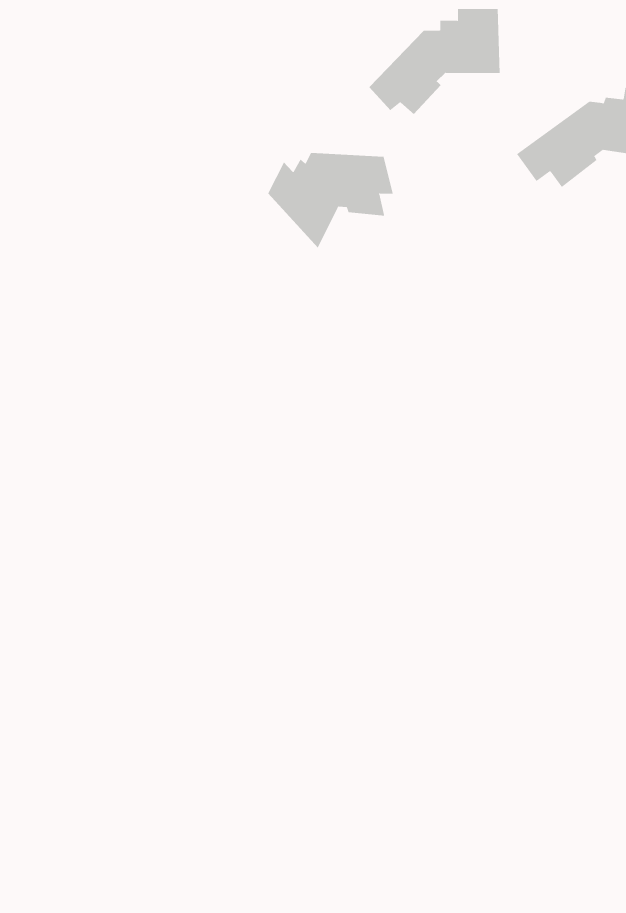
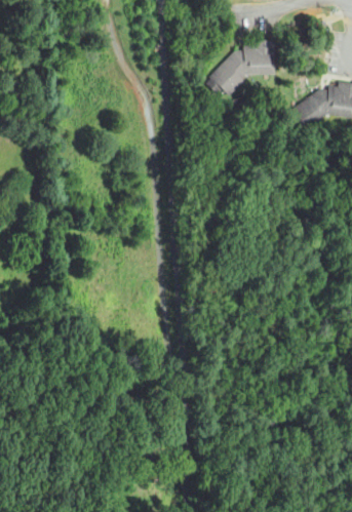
building: [268,152,393,248] -> none

